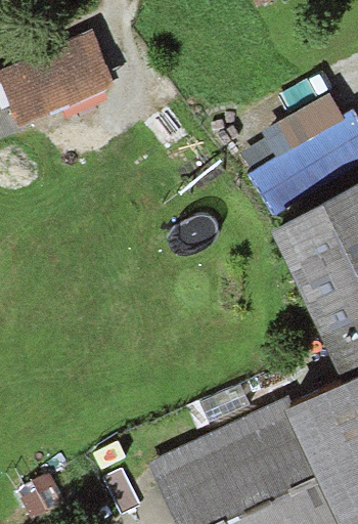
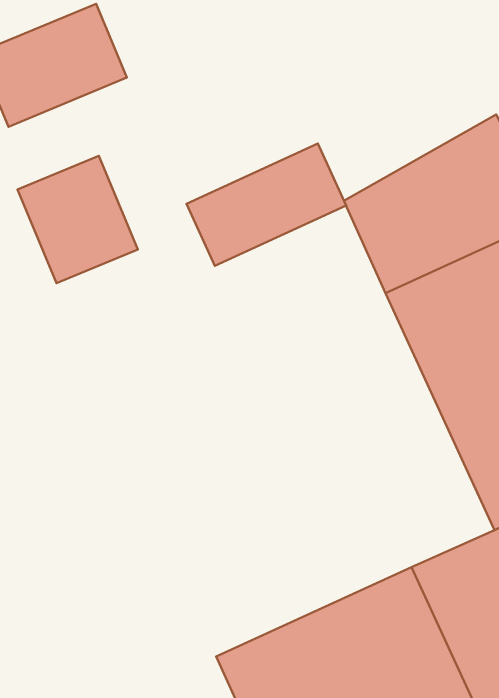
building: none -> [186,144,346,266]
building: none -> [18,156,138,283]

